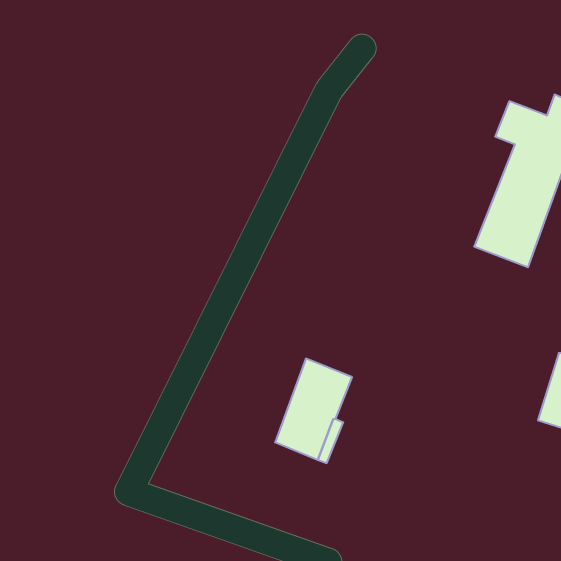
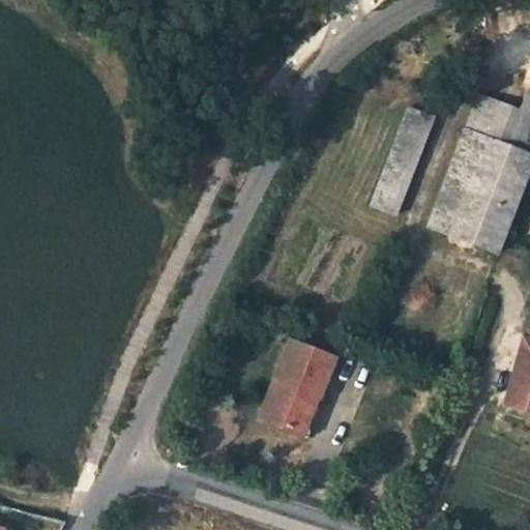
building: none -> [370,108,436,214]
building: none -> [428,129,485,233]

